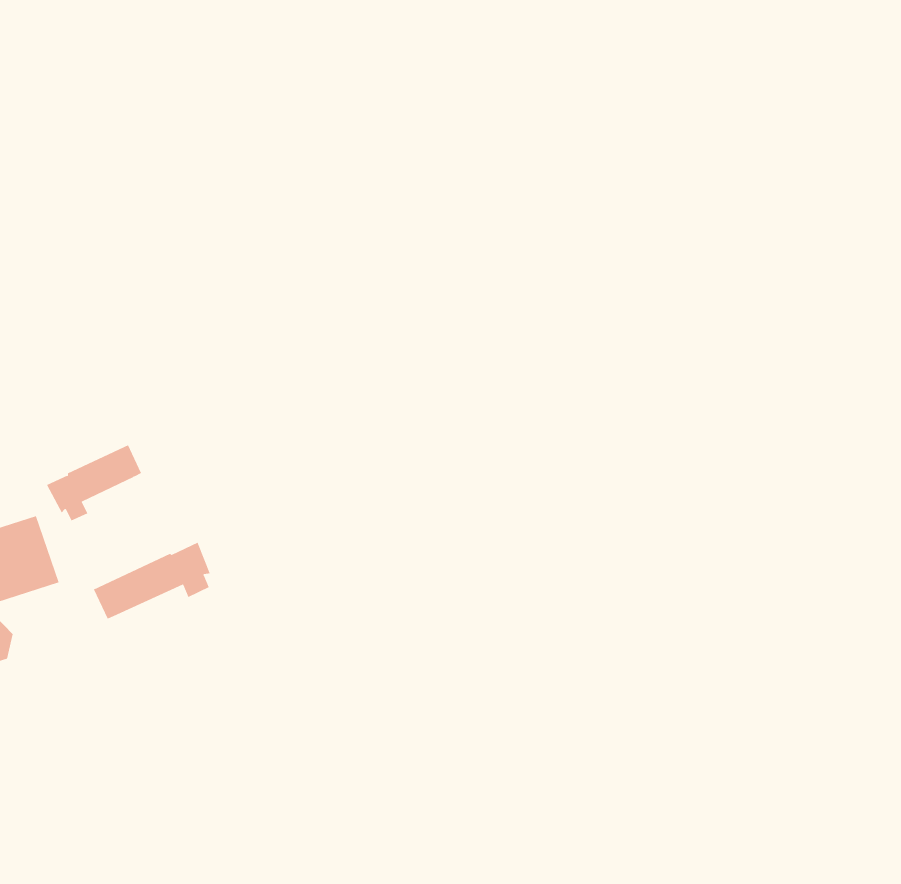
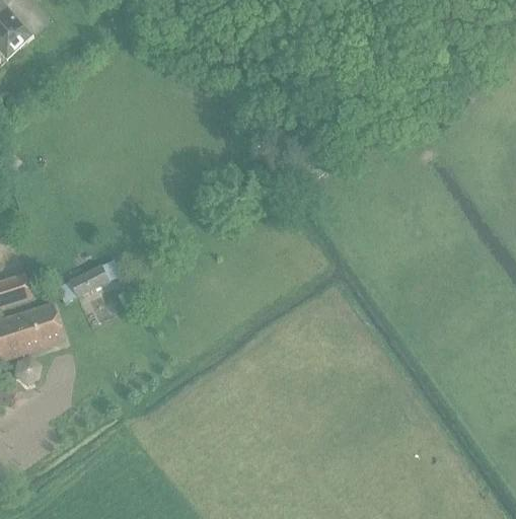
building: [93,542,211,620] -> none

